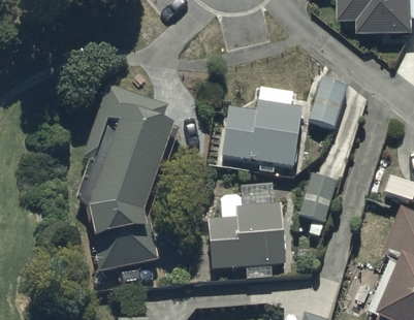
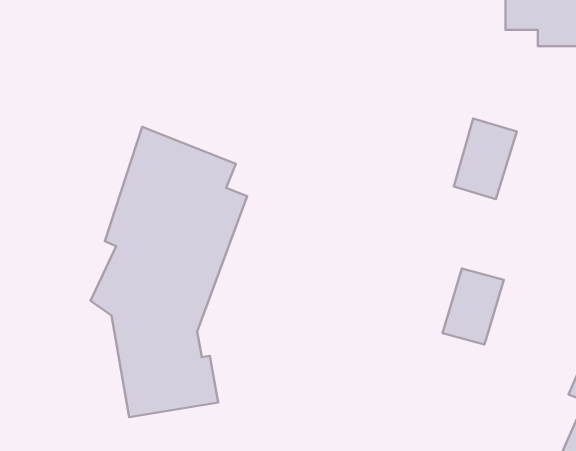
building: [222,90,300,170] -> none
building: [205,194,285,273] -> none

